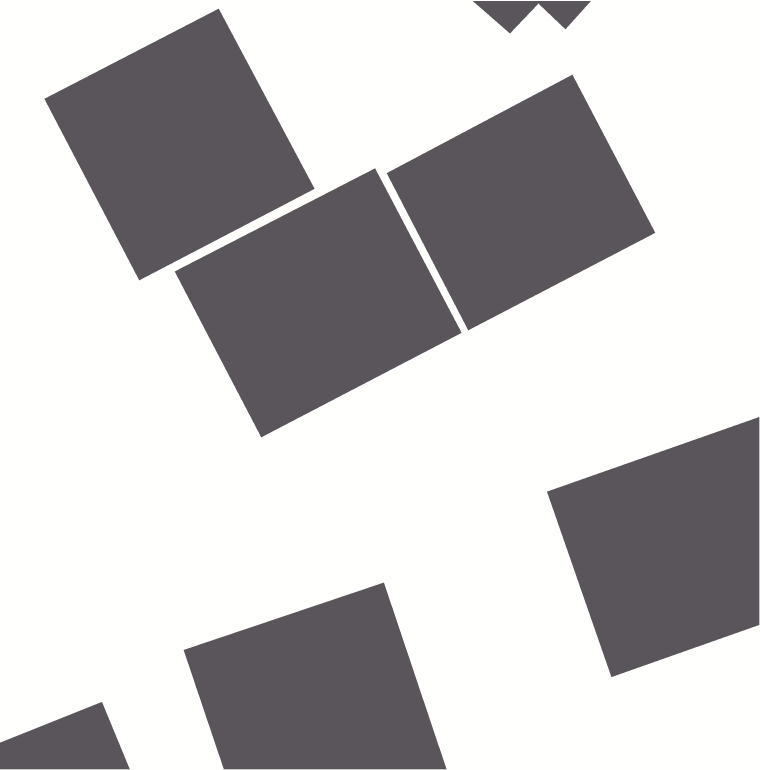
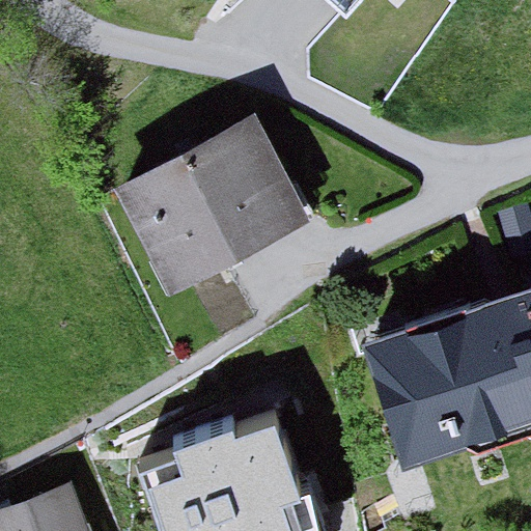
building: [43,7,316,282] -> none
building: [386,74,656,331] -> none

